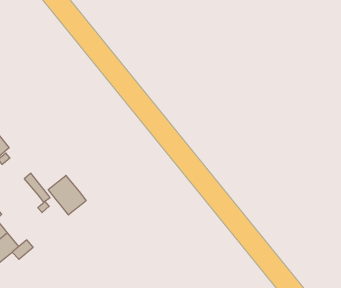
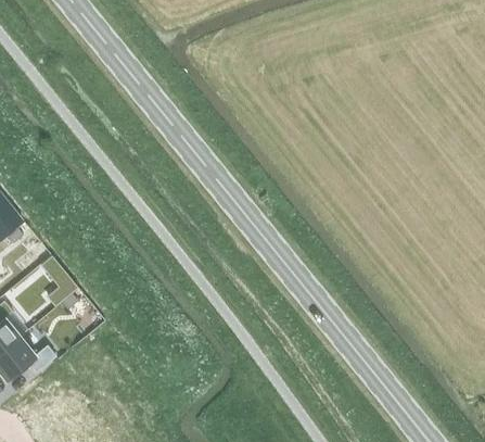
building: [48,175,86,215] -> none

